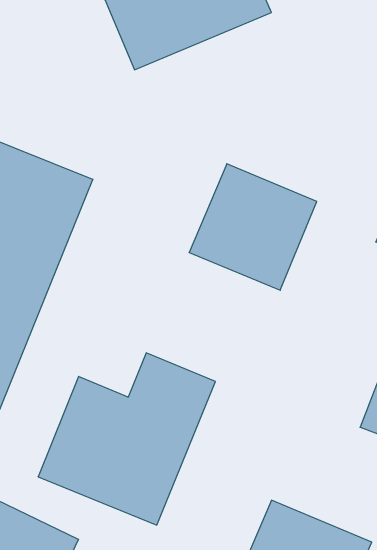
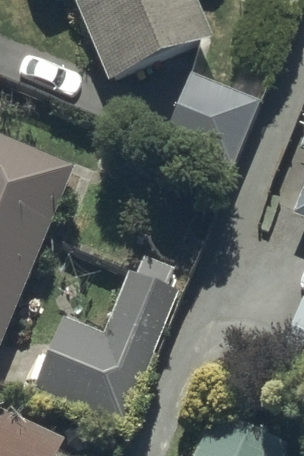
building: [189,164,317,290] -> [161,68,259,165]

